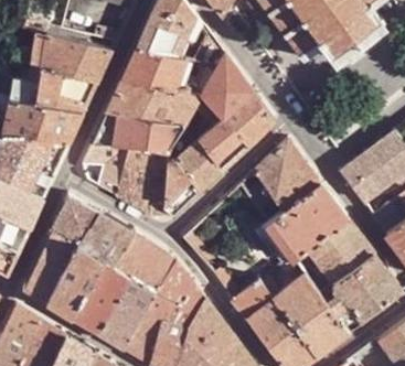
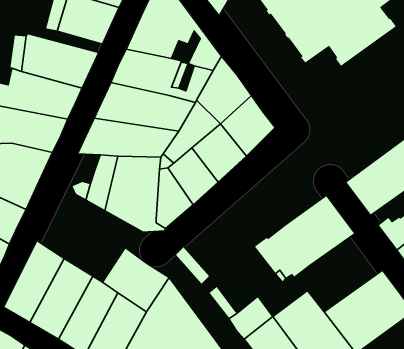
building: [254,139,322,212] -> none
building: [54,195,136,265] -> none
building: [307,219,374,283] -> none

